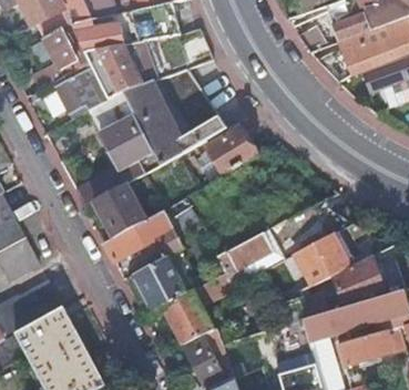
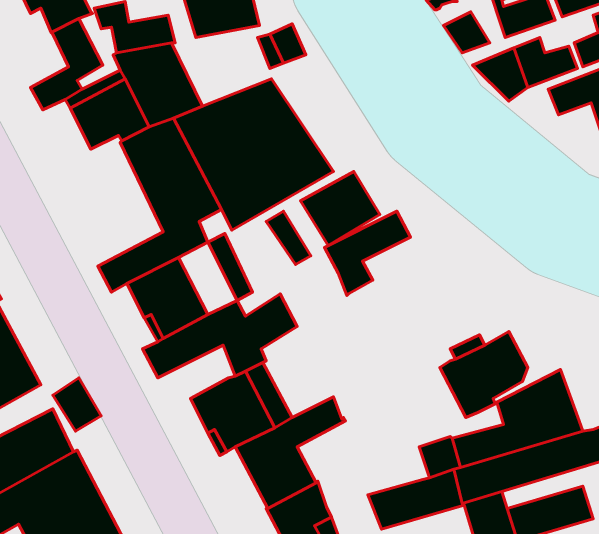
building: [217,233,273,287] -> [325,211,411,296]

